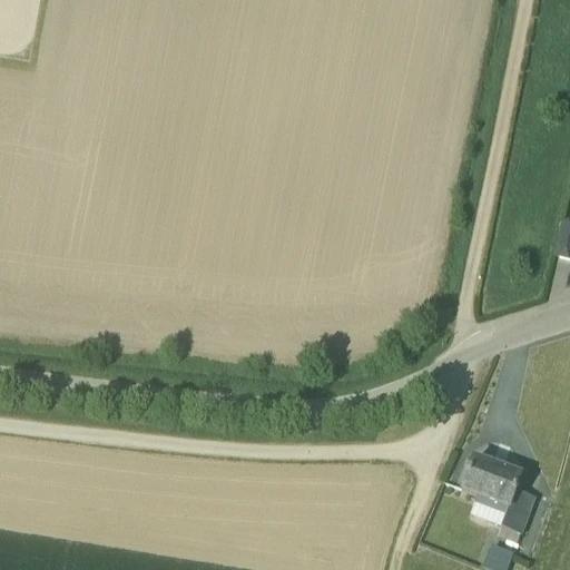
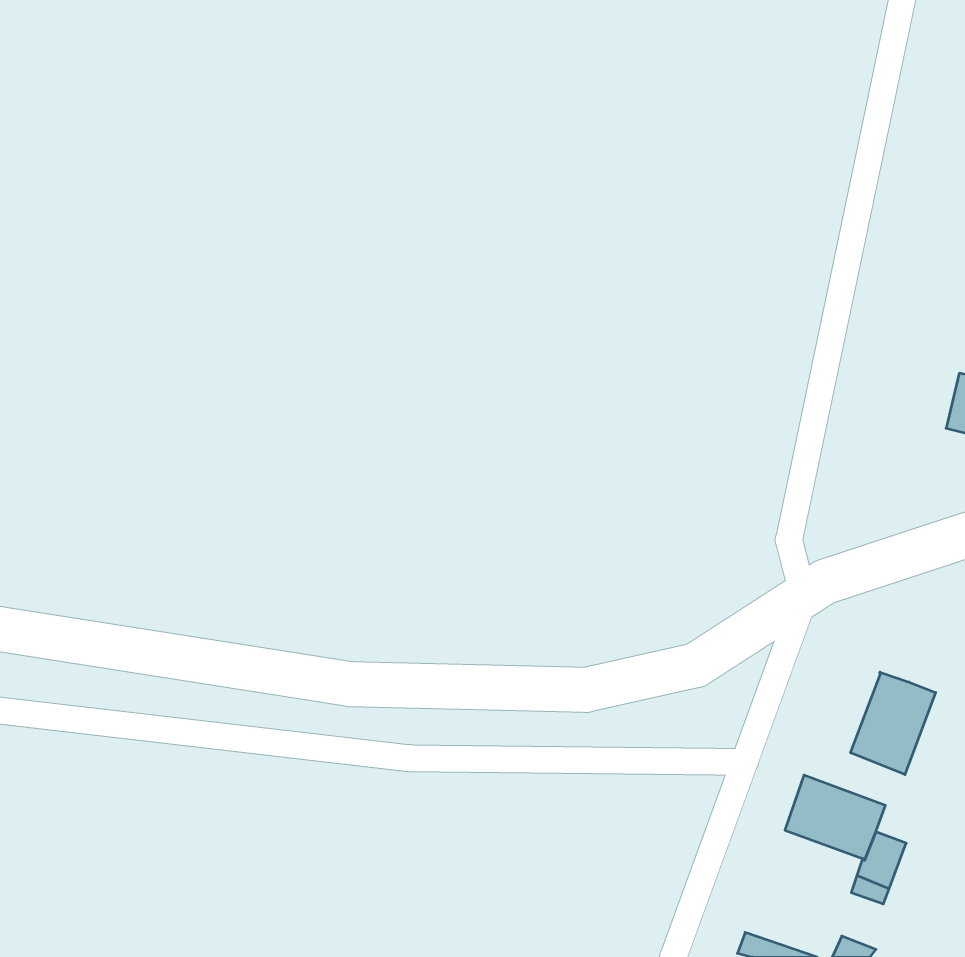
building: none -> [851,672,936,775]

